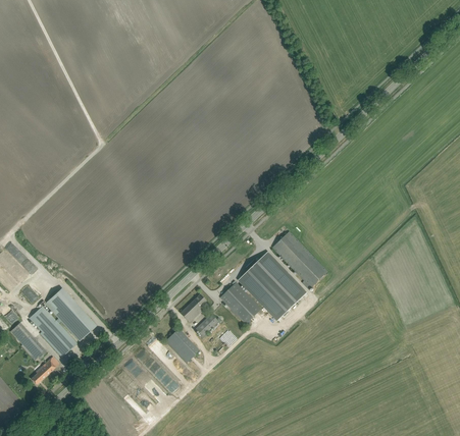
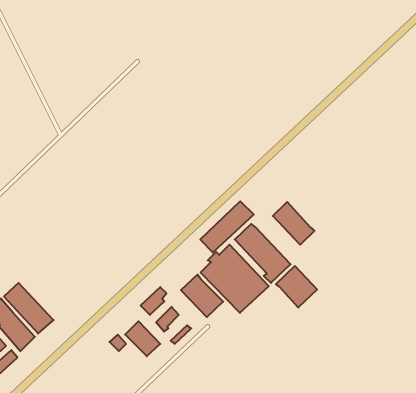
building: none -> [200,201,254,253]
building: none -> [273,202,314,245]
building: none -> [276,266,317,308]

